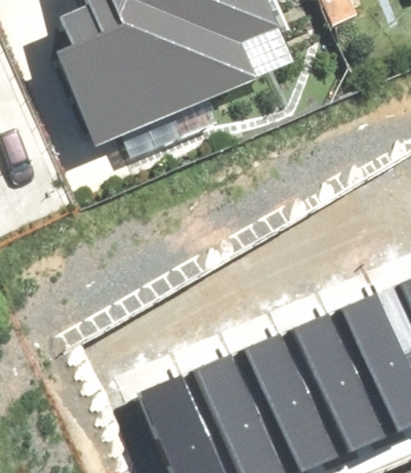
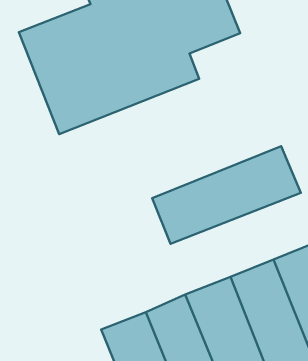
building: none -> [152,146,301,244]

